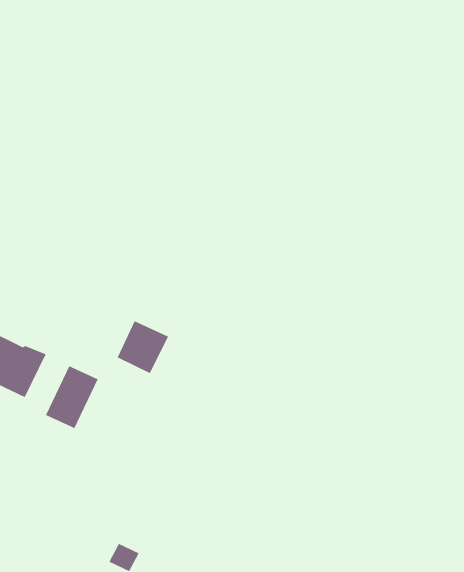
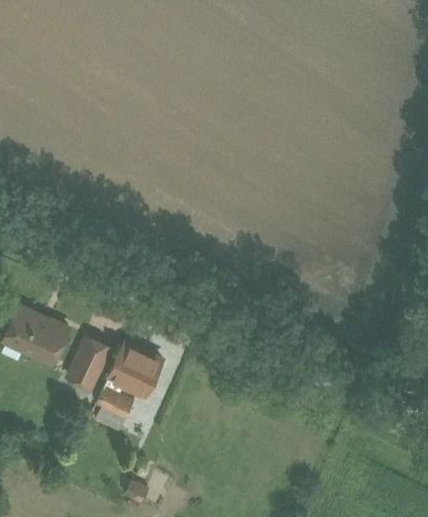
building: [117,320,169,374] -> [111,345,153,389]
building: none -> [98,389,133,417]

